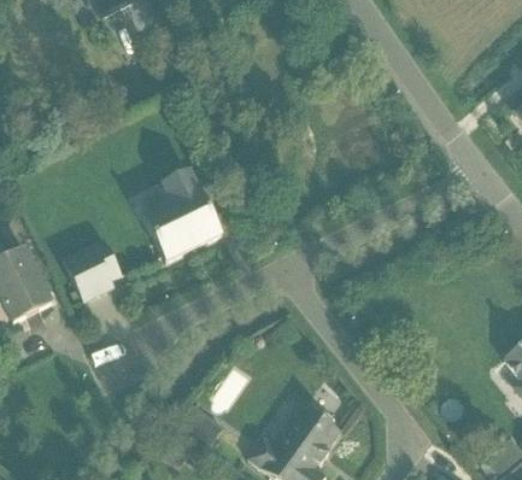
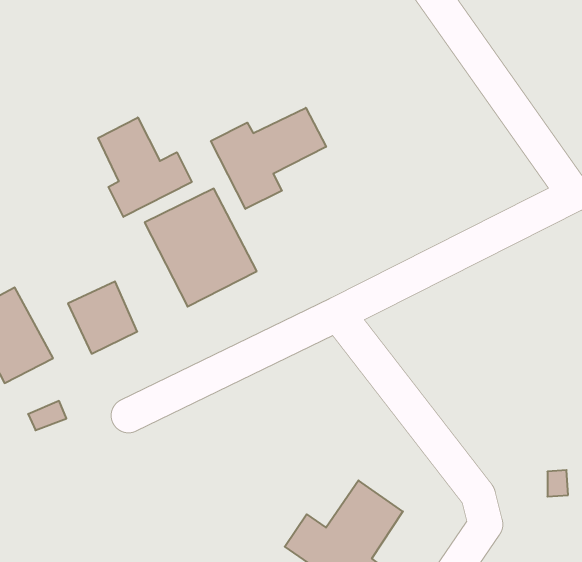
building: none -> [211,108,326,209]
building: none -> [98,117,192,217]

